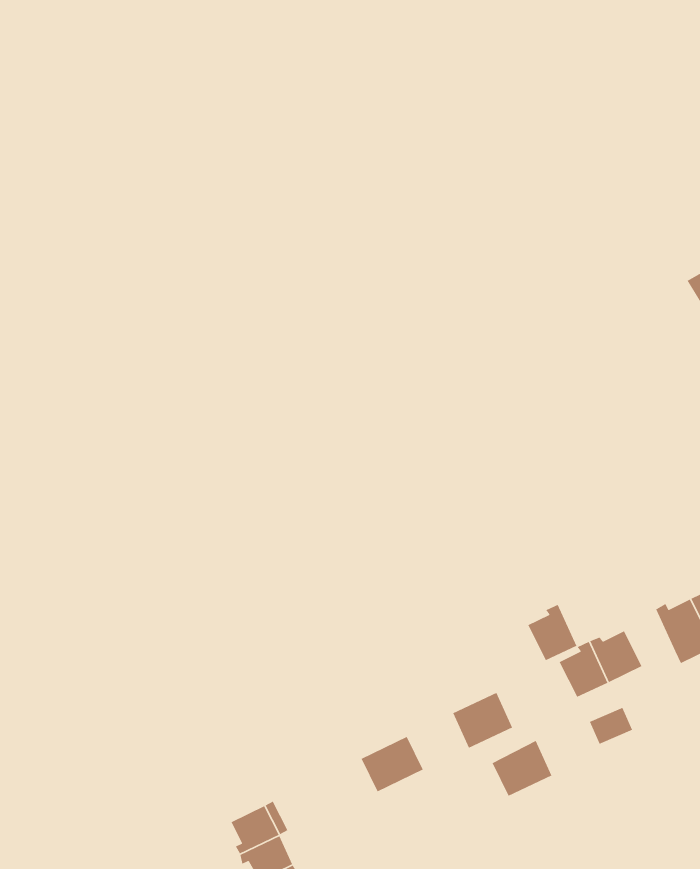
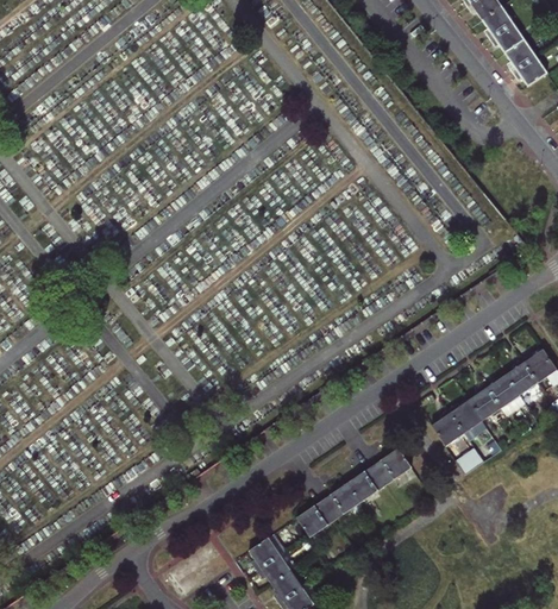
building: [527,604,577,661] -> [470,383,502,419]
building: [491,740,553,797] -> [349,464,387,501]
building: none -> [297,500,336,535]

